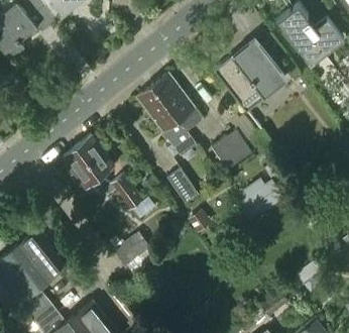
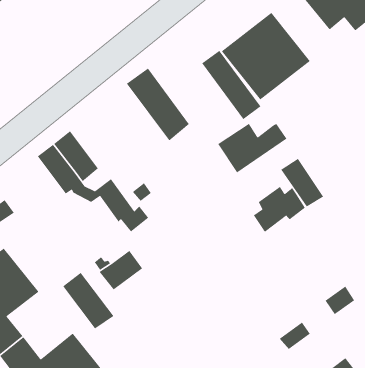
building: [154,74,204,131] -> [201,50,262,120]
building: none -> [280,158,324,207]
building: [167,169,199,205] -> none
building: none -> [62,272,114,330]

